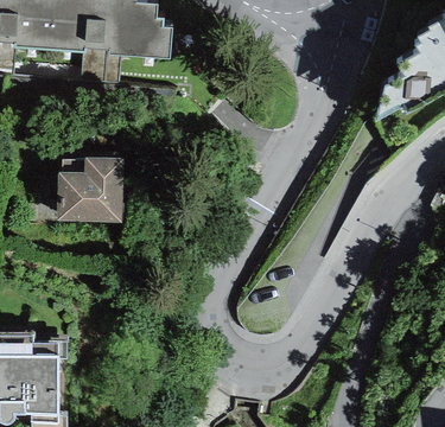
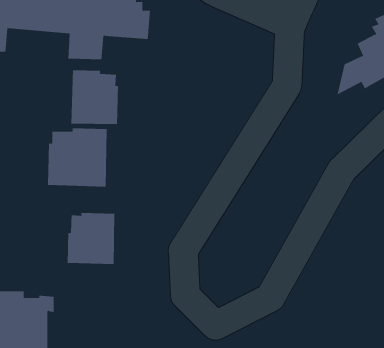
building: none -> [71,70,118,125]
building: none -> [67,212,115,265]

